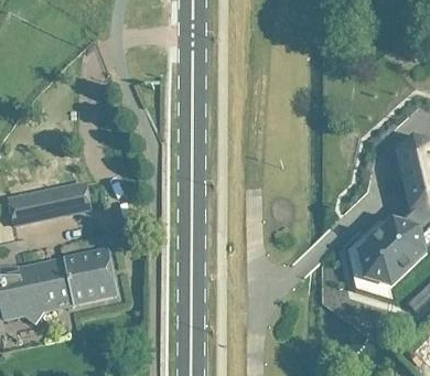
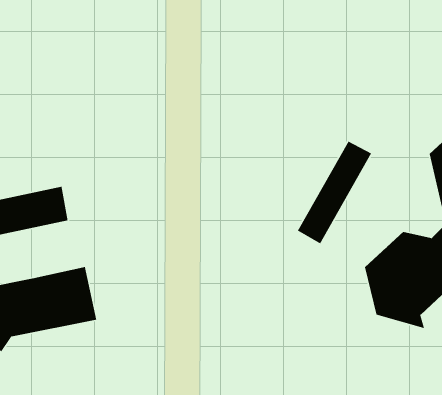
building: none -> [297,141,372,245]

